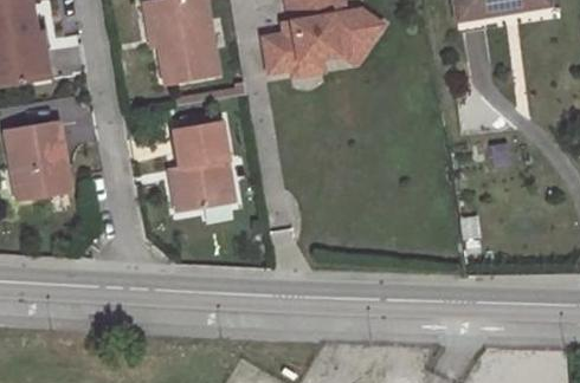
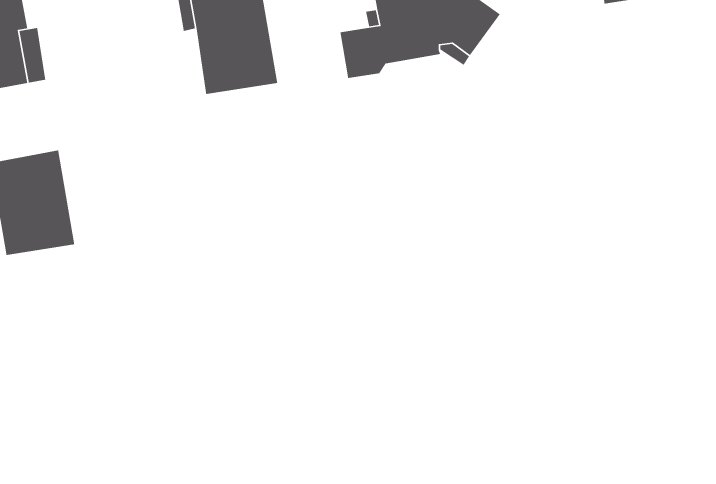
building: [173,121,234,207] -> none

